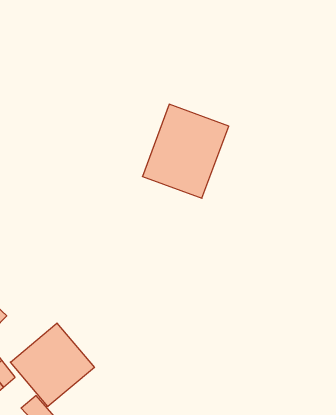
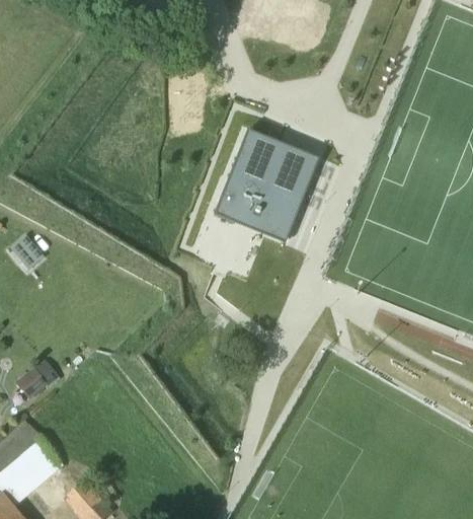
building: [10,323,94,407] -> none

